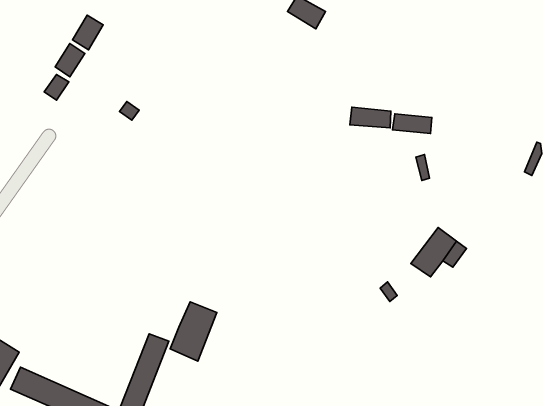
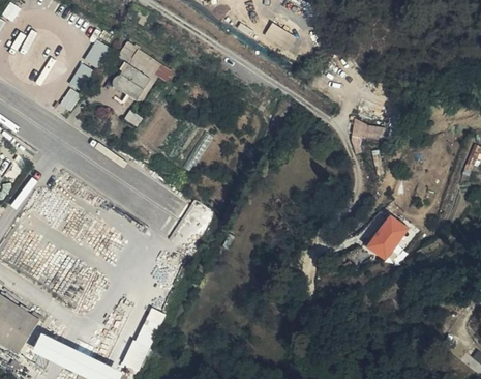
building: none -> [114,45,171,98]
building: [350,107,391,128] -> none
building: [170,302,217,361] -> none

